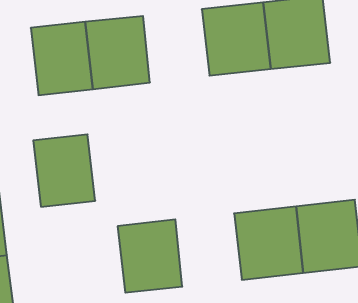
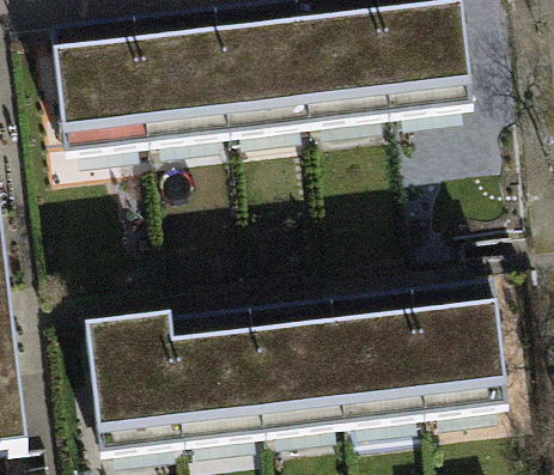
building: none -> [203,19,297,122]
building: [33,134,95,207] -> [91,324,178,426]
building: none -> [249,306,342,409]

